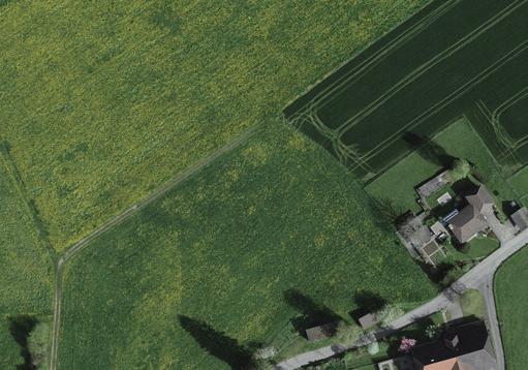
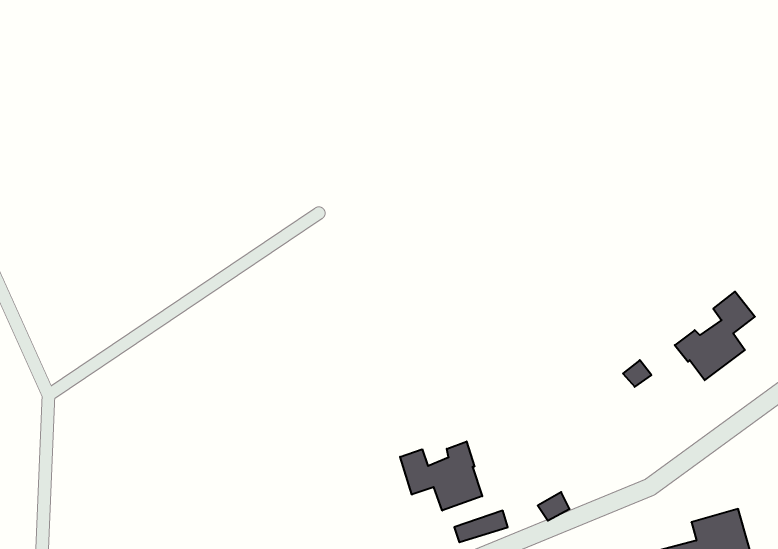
building: none -> [400,441,482,511]

